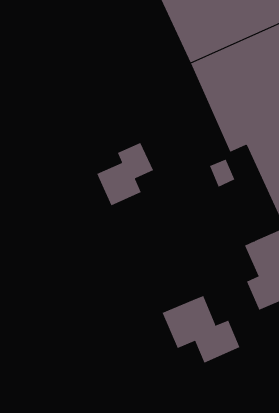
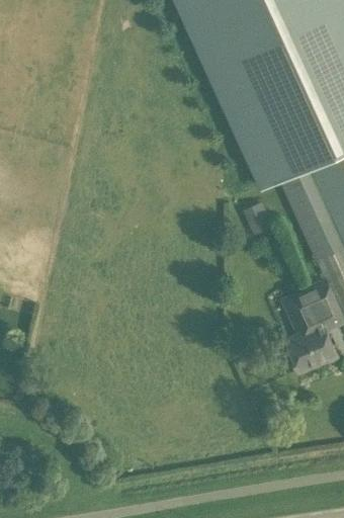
building: [97,142,154,206] -> none
building: [162,295,240,363] -> none

